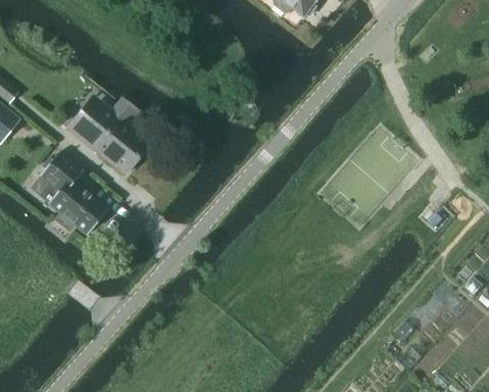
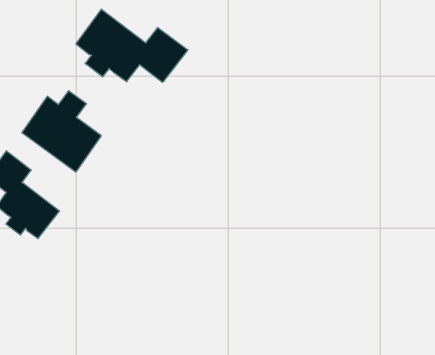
building: none -> [76,9,188,82]

